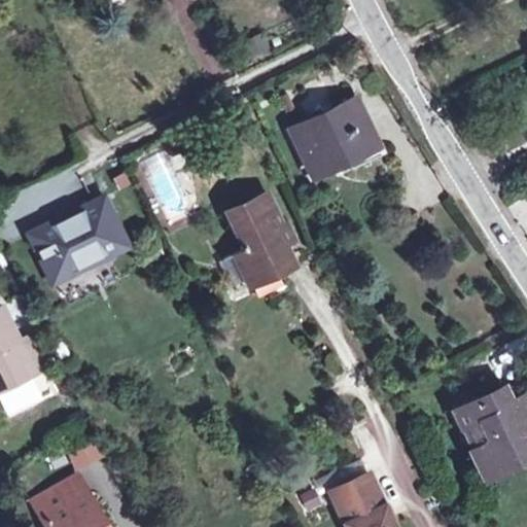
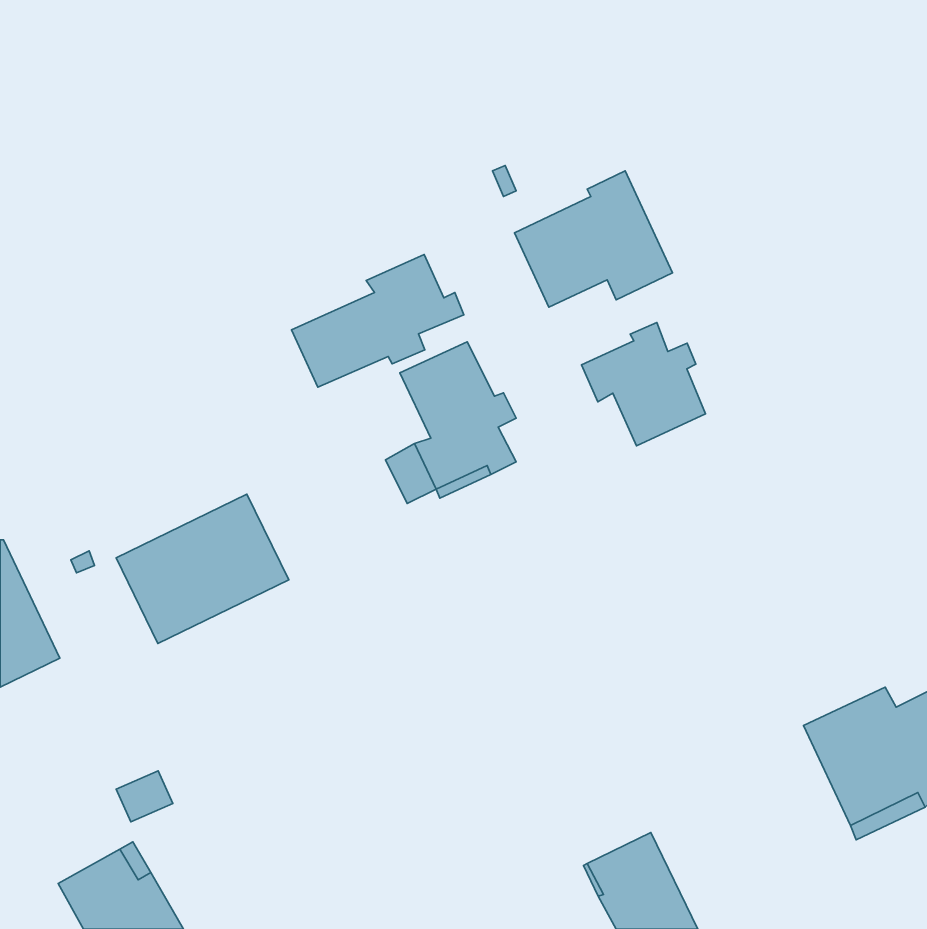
building: none -> [292,255,464,387]
building: none -> [582,322,705,446]
building: [29,197,127,281] -> [116,494,289,643]

